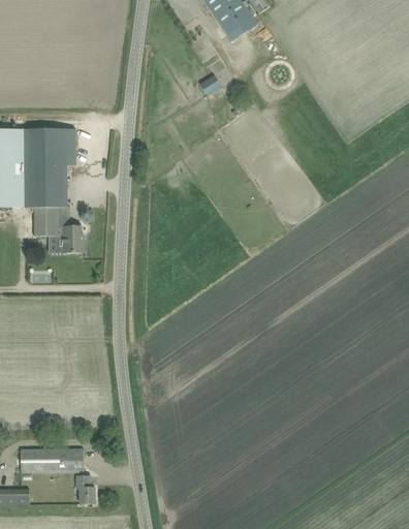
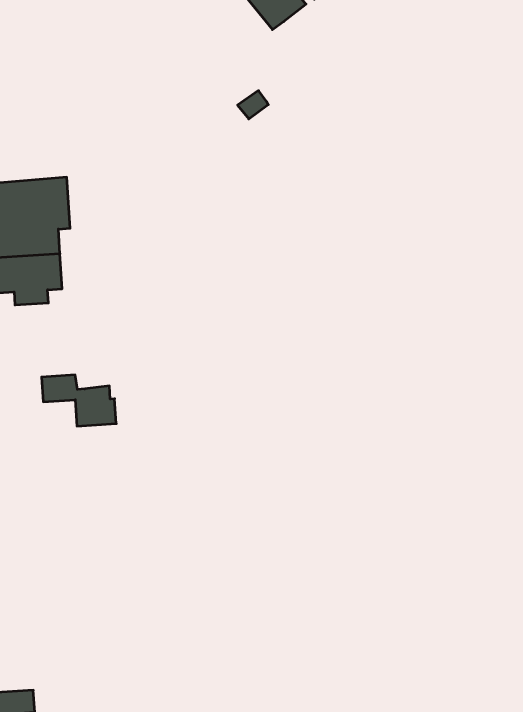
building: [33,216,84,252] -> [42,375,116,426]
building: [22,448,95,503] -> none

